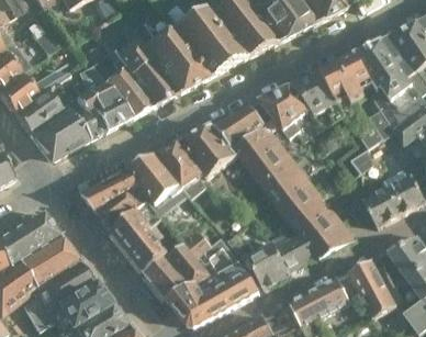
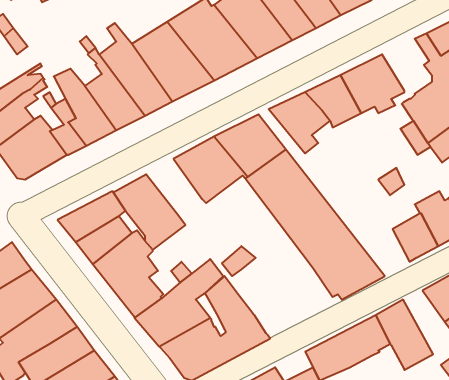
building: [354,40,395,90] -> none
building: [155,141,205,199] -> none
building: [242,233,312,289] -> none

